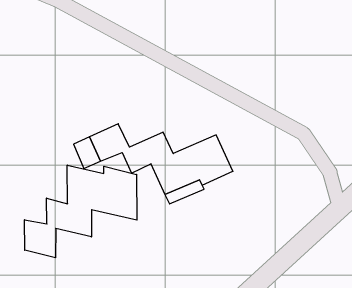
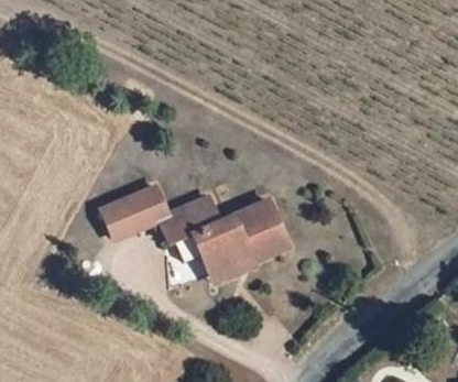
building: [25,165,137,258] -> none

